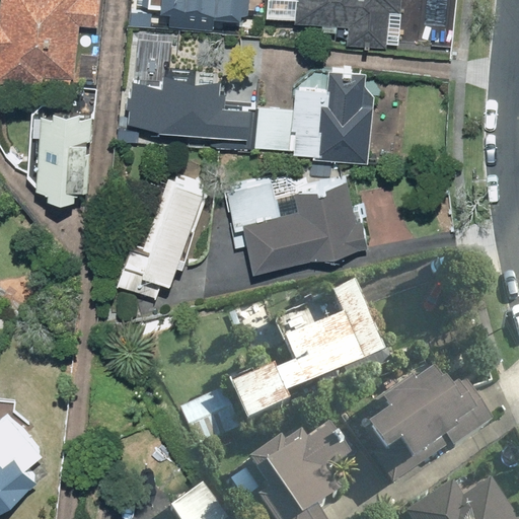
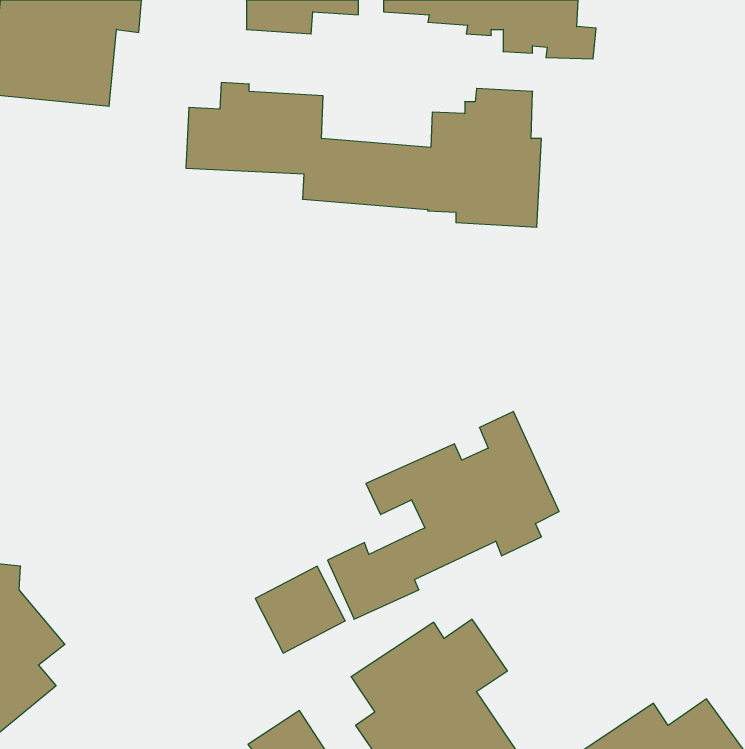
building: [25,96,93,189] -> none
building: [117,171,204,292] -> none
building: [227,172,367,264] -> none
building: [346,365,490,490] -> none

